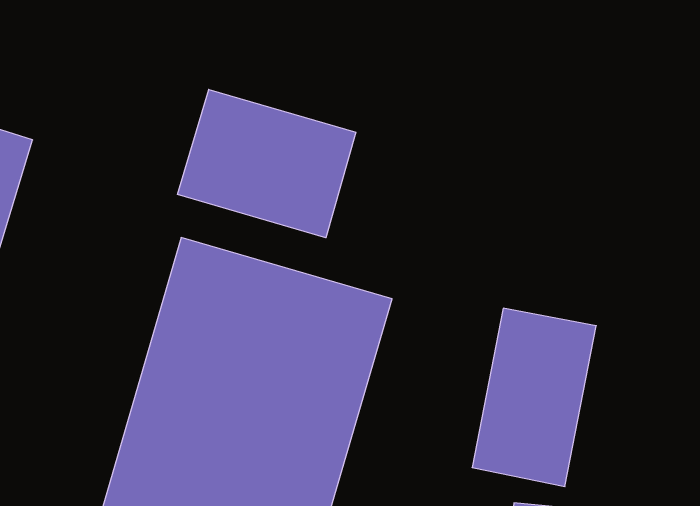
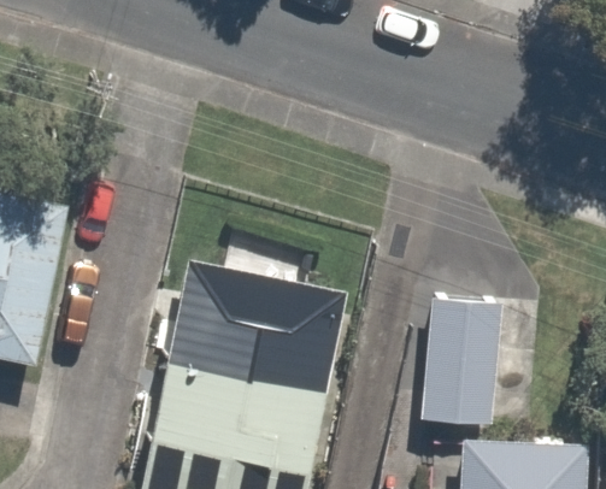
building: [177,89,356,238] -> none

